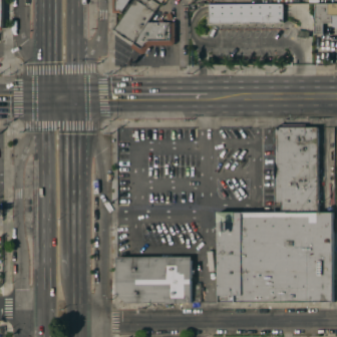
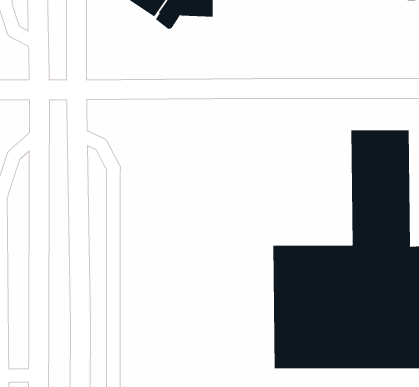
building: [117,257,191,303] -> none

